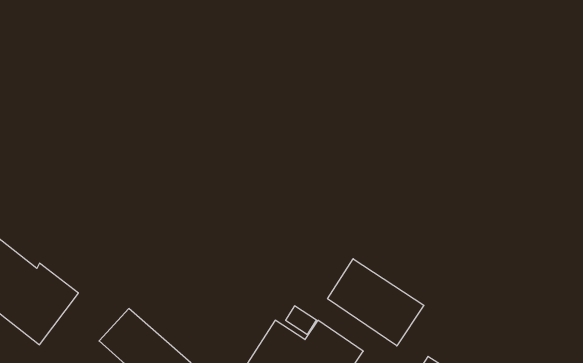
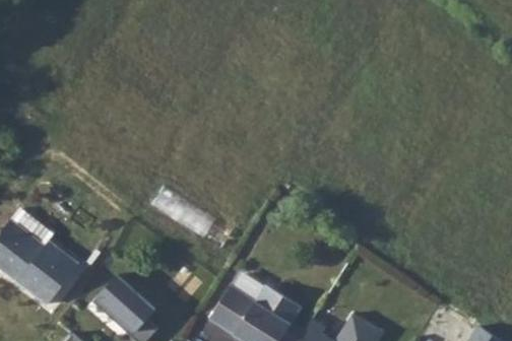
building: [328,259,424,346] -> none

